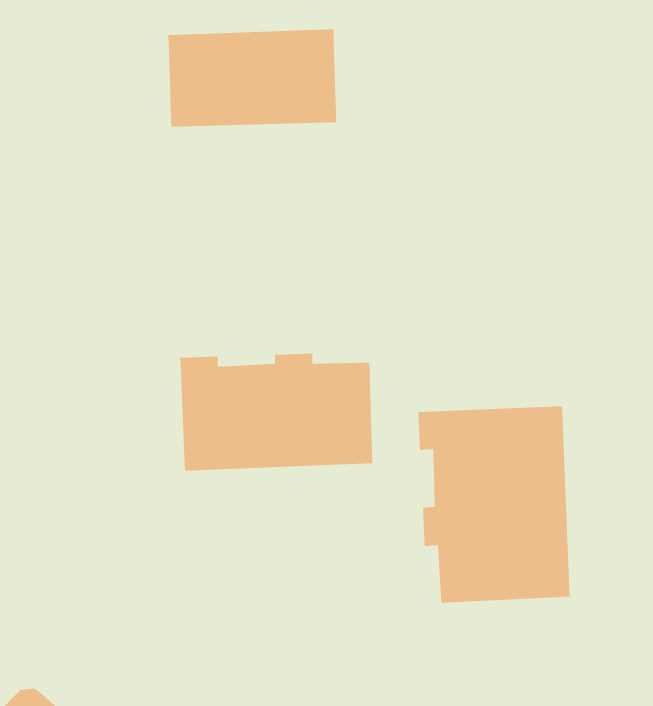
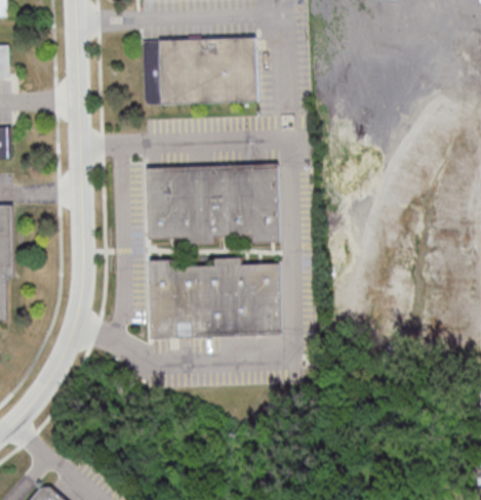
building: none -> [144,163,277,245]
building: [418,406,570,603] -> none

